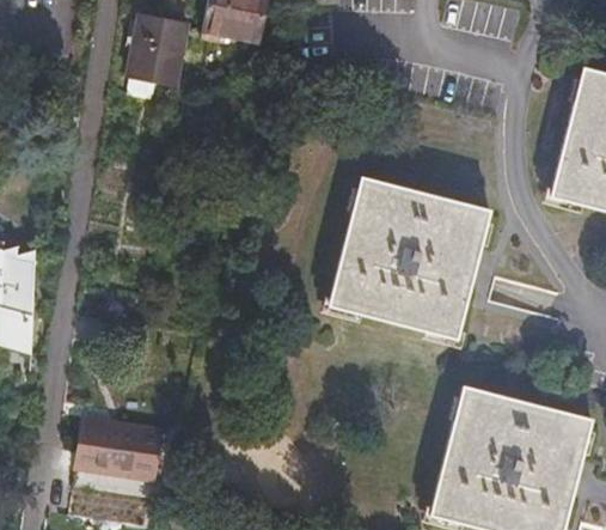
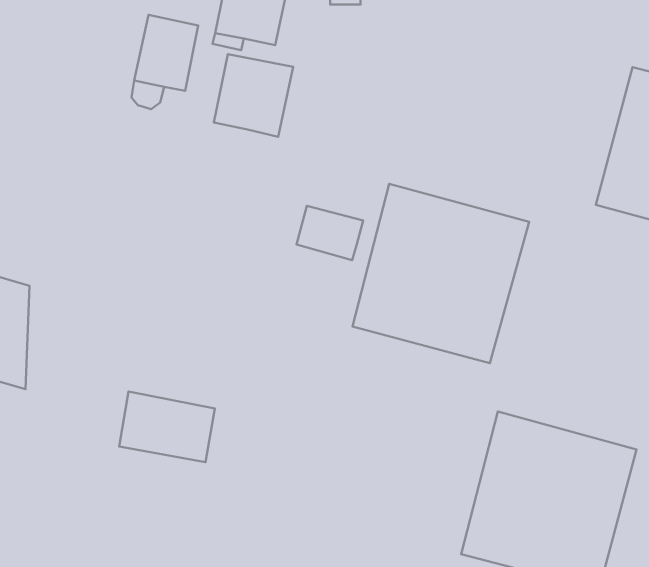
building: none -> [214,54,293,137]
building: none -> [296,206,363,260]
building: [79,419,166,483] -> [119,392,215,462]

